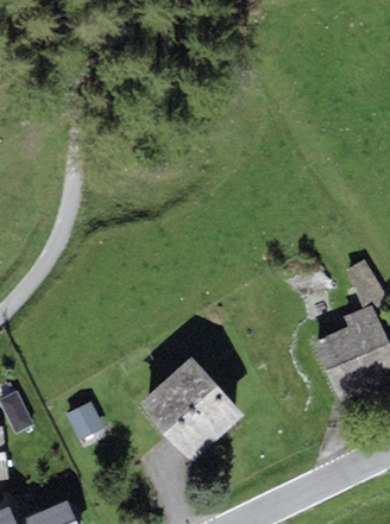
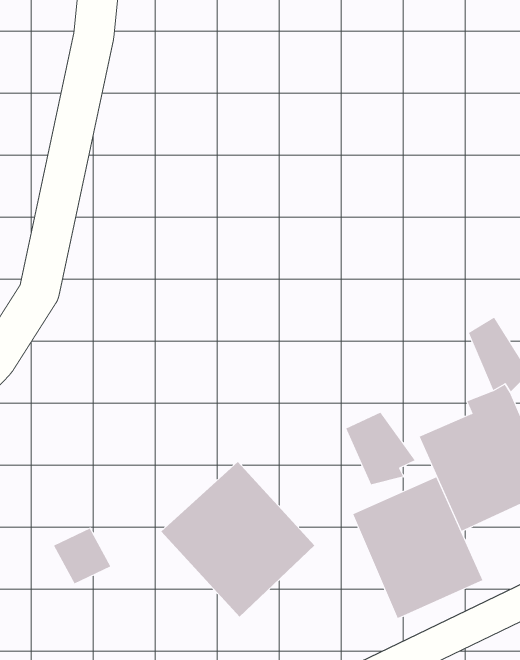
building: none -> [346,412,415,485]
building: none -> [352,476,483,619]

